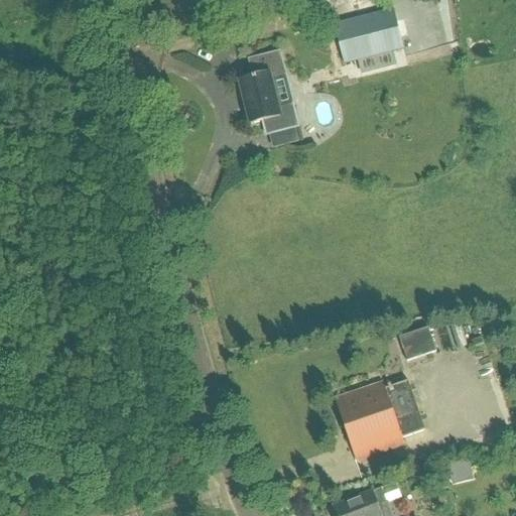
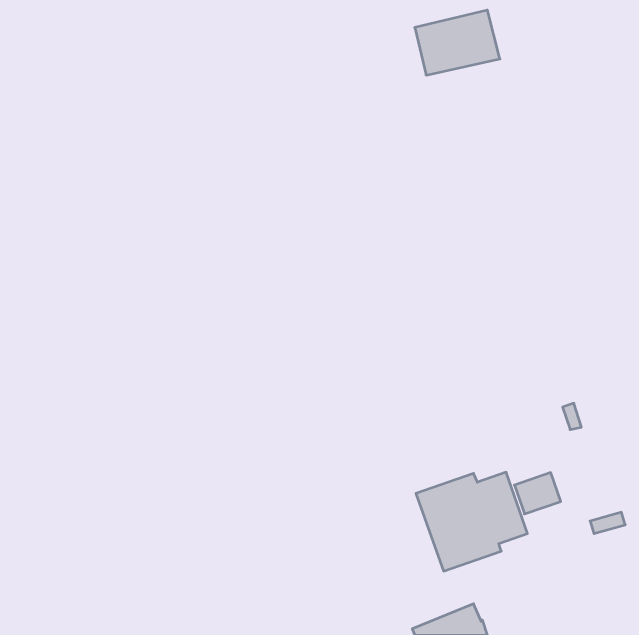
building: [239,50,297,134] -> none
building: [399,326,436,359] -> [514,473,561,514]

